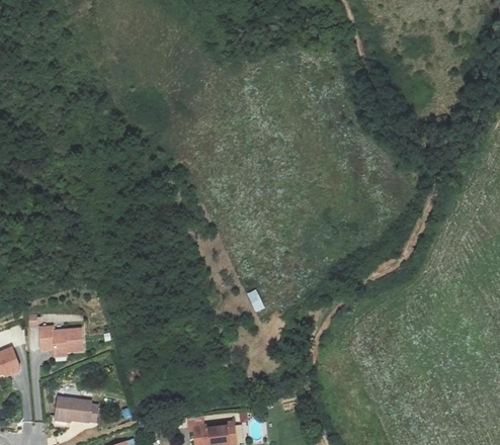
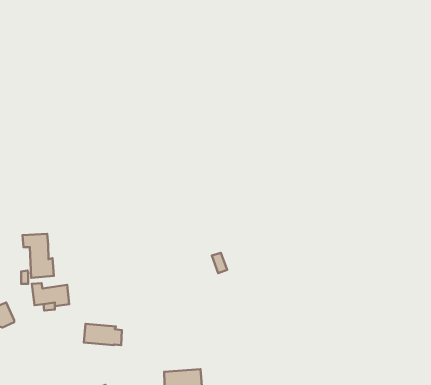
building: none -> [22,234,54,278]
building: [55,398,98,423] -> [84,324,122,345]

